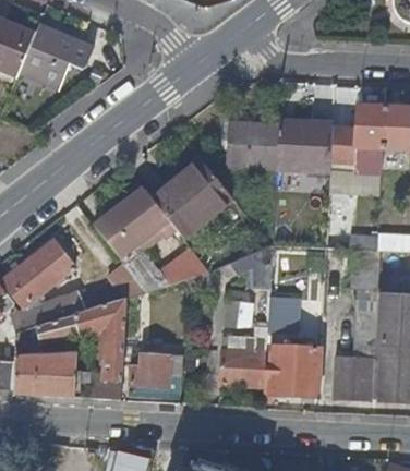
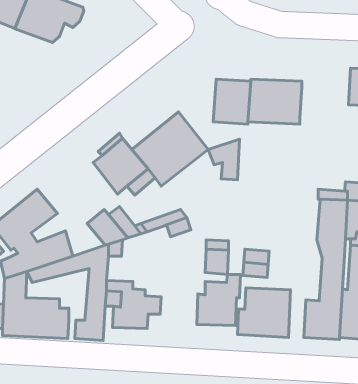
building: [329,108,384,165] -> none
building: [91,212,134,258] -> none
building: [236,250,269,293] -> [208,139,240,180]

